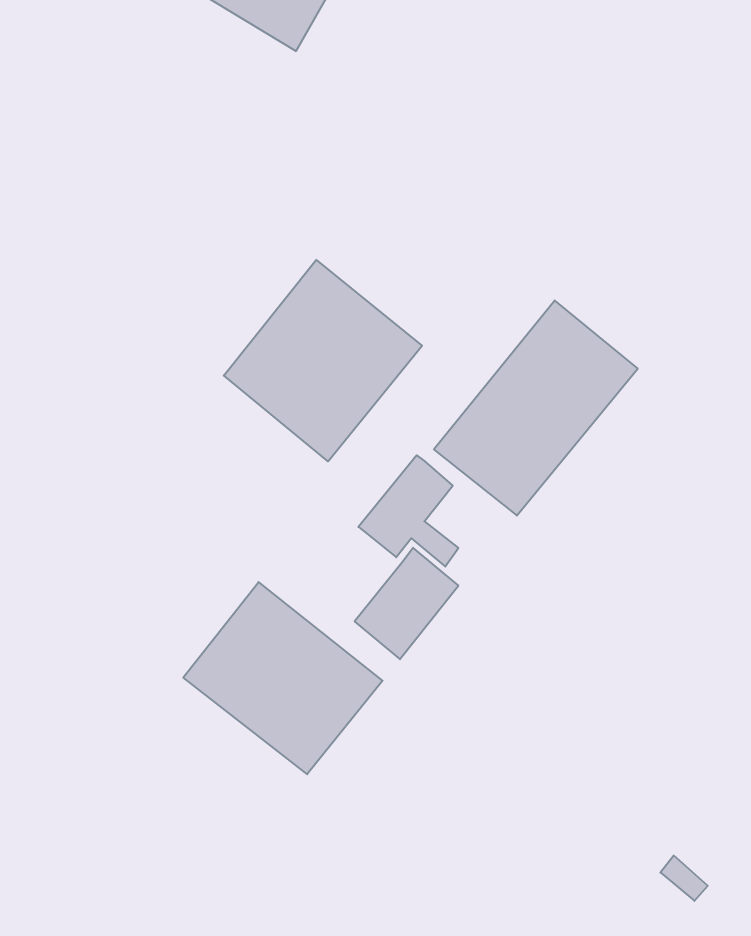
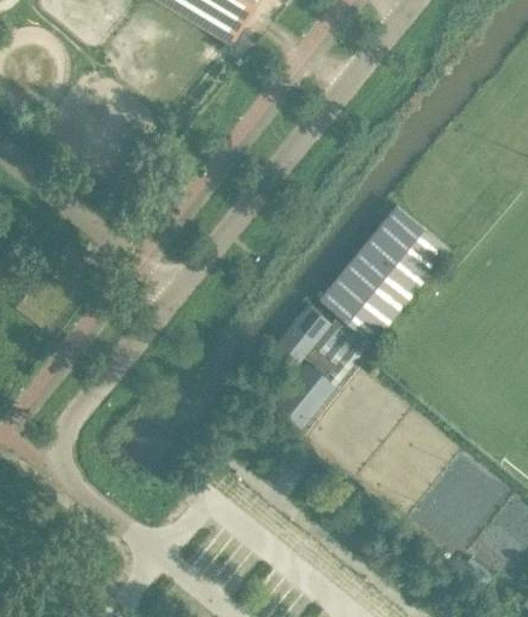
building: [224,260,422,461] -> none
building: [183,582,383,774] -> none

